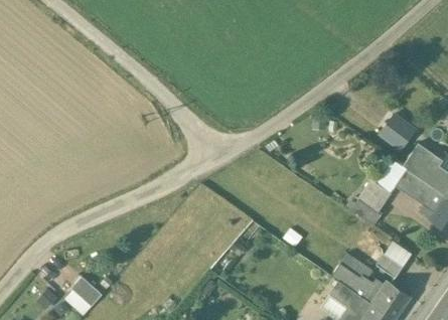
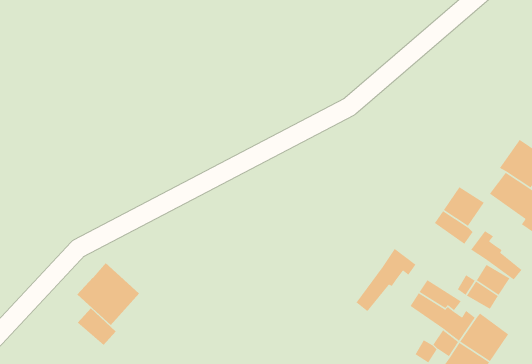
building: [380,114,415,148] -> none
building: none -> [470,230,523,281]
building: none -> [356,248,417,312]
building: none -> [77,262,140,326]

